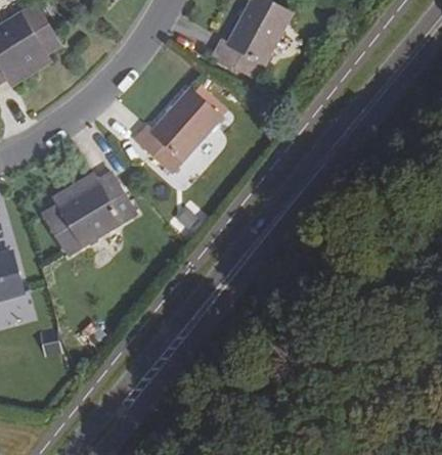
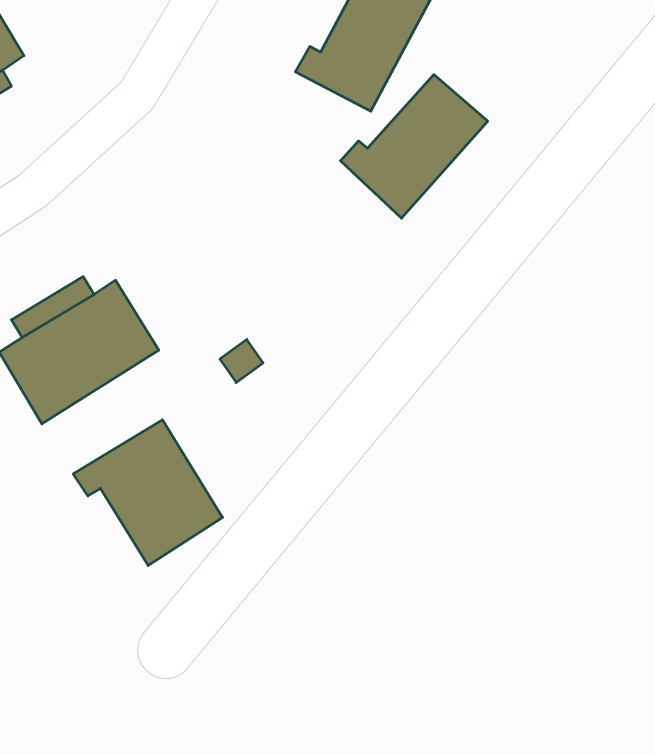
building: [137,90,221,172] -> [340,75,488,218]
building: none -> [73,420,223,566]

